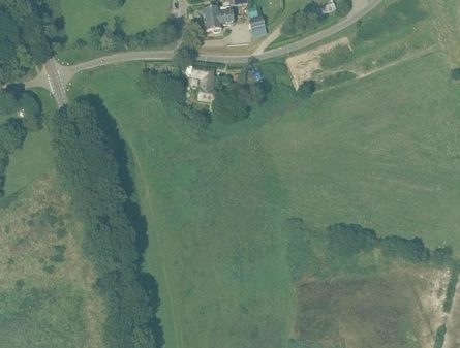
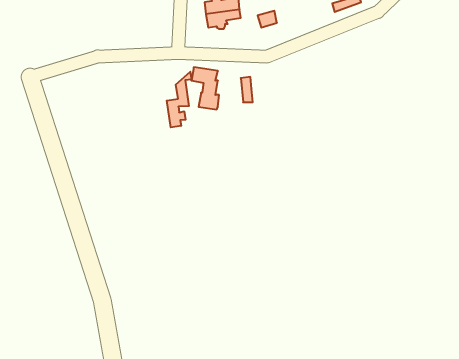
building: none -> [167,72,192,127]

